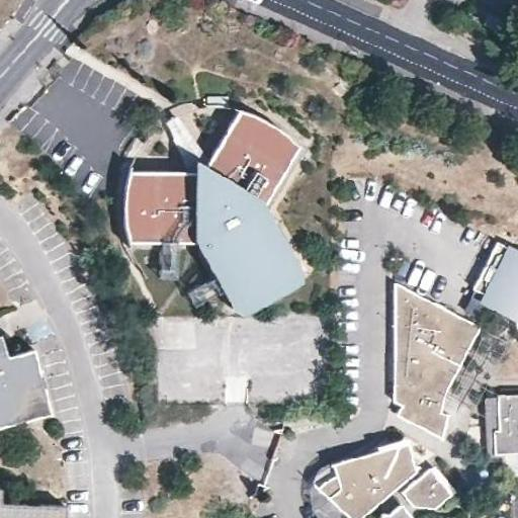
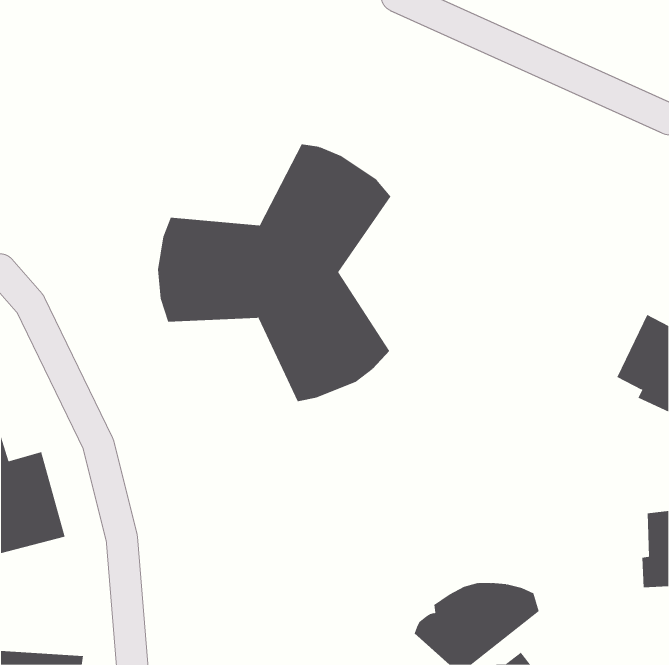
building: [397,285,480,440] -> none
building: [404,469,453,508] -> none

